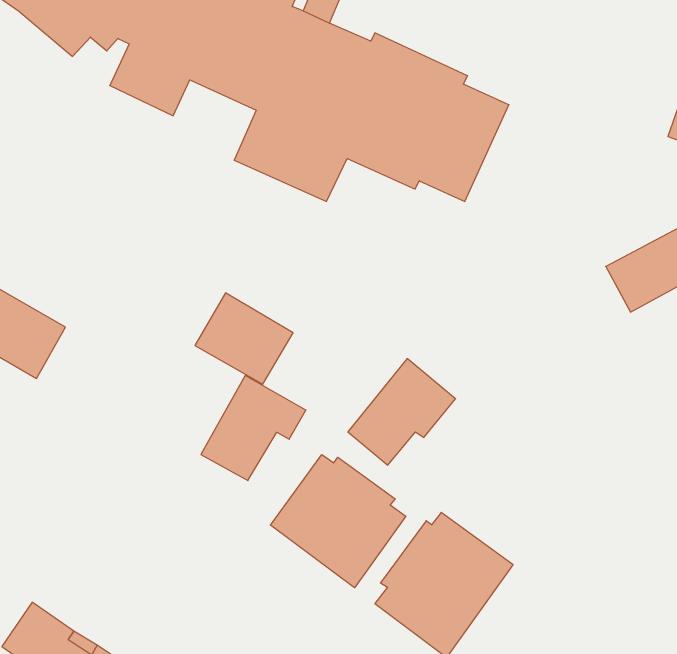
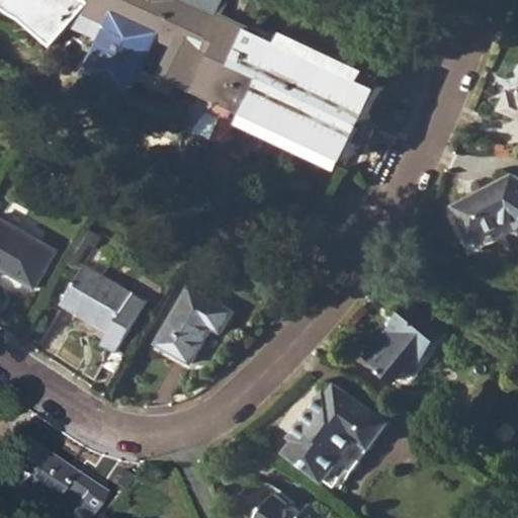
building: [195,293,293,384] -> [60,264,132,331]
building: [348,359,456,465] -> [362,304,441,381]
building: [270,455,406,588] -> none

